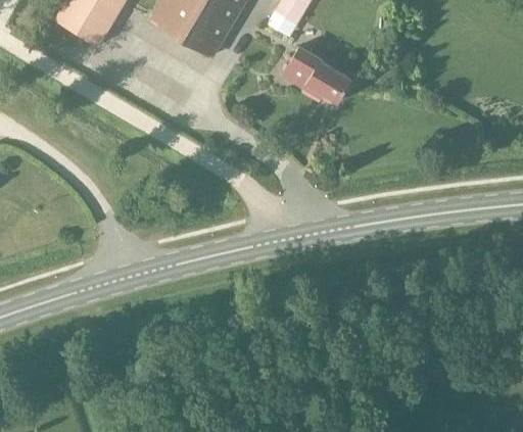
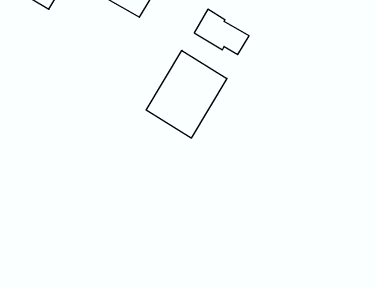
building: none -> [146,50,227,138]

